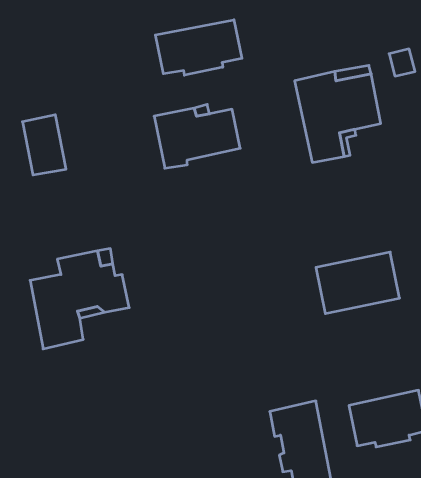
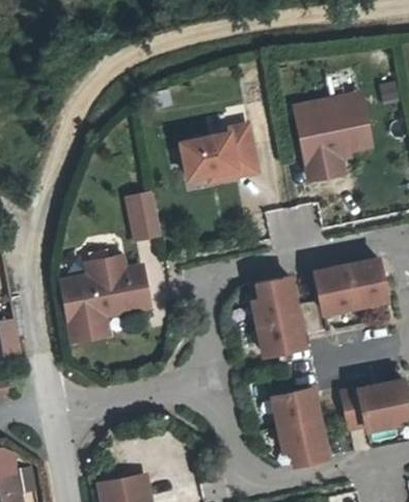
building: [155,20,242,75] -> none
building: [22,115,66,175] -> [124,188,162,241]
building: none -> [252,278,304,354]

